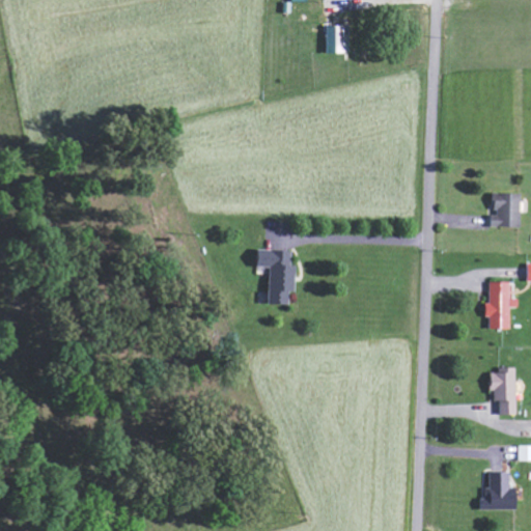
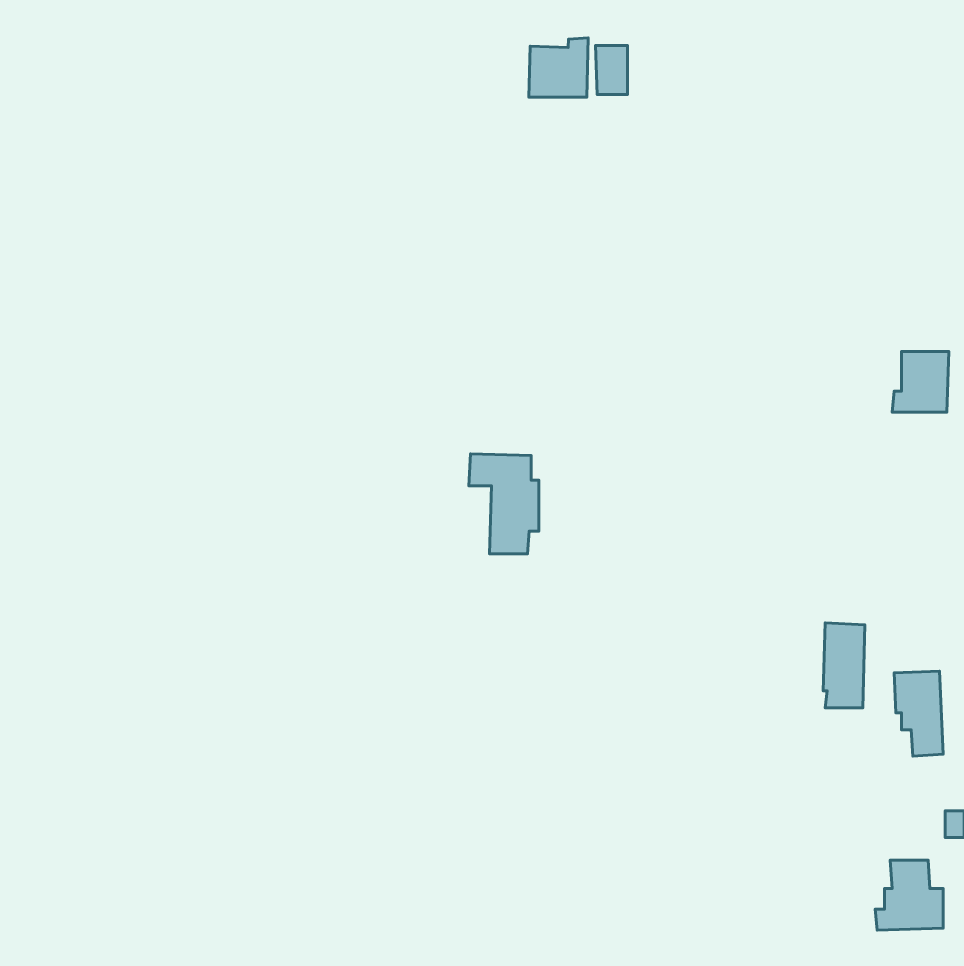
building: none -> [529,38,588,97]
building: [487,281,510,328] -> [823,623,865,708]

